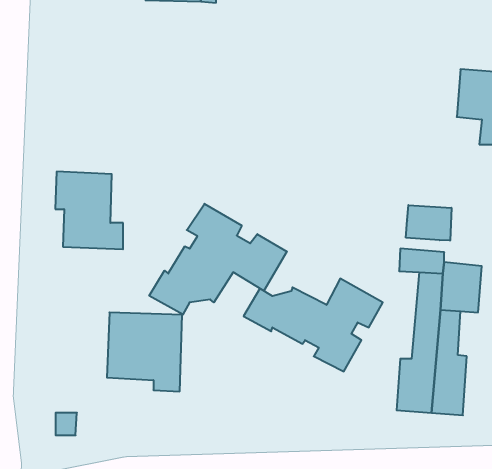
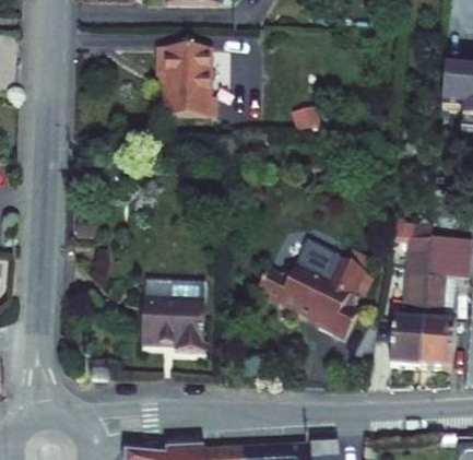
building: [55,172,123,249] -> [157,50,216,118]
building: [149,204,287,315] -> none
building: [406,205,451,241] -> none

